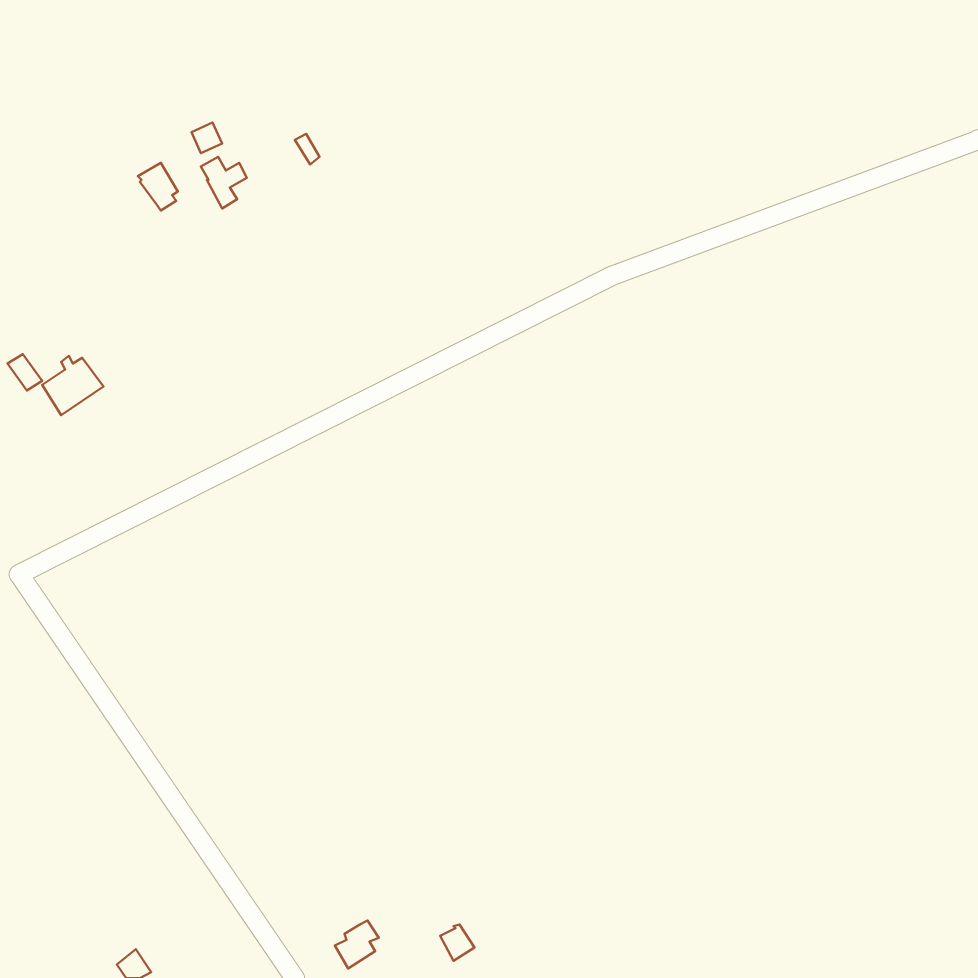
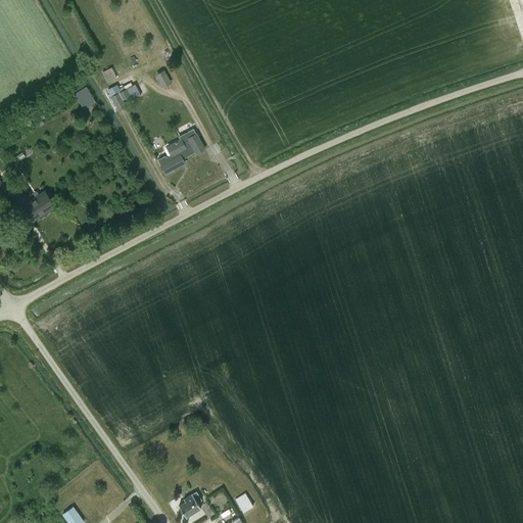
building: none -> [157,129,203,174]

